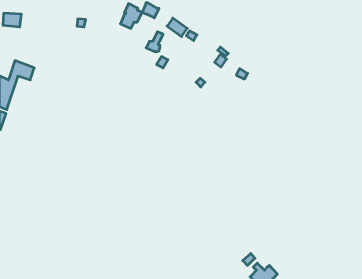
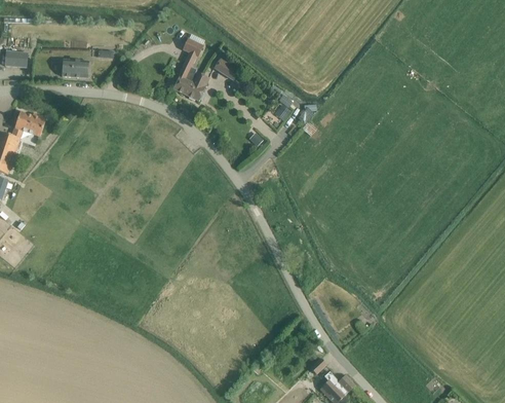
building: [120,4,142,28] -> [173,63,201,95]
building: none -> [60,59,88,77]

